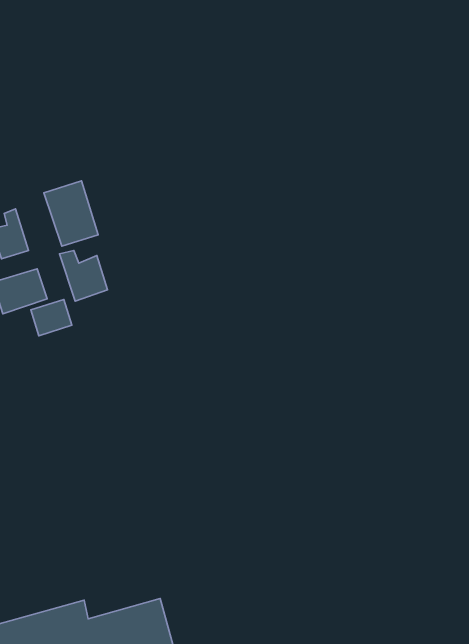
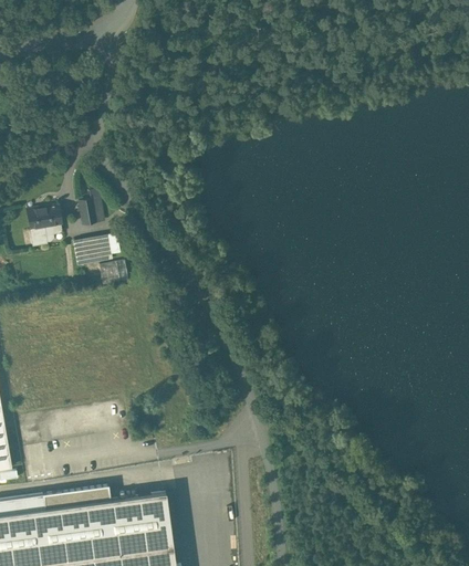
building: [44,181,98,246] -> none
building: [60,250,107,301] -> none

